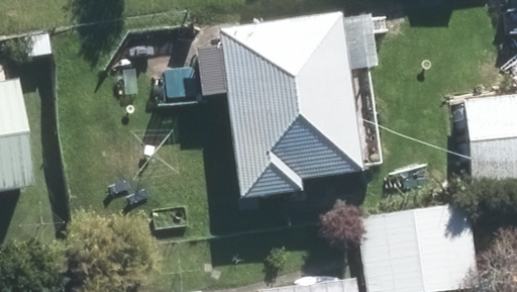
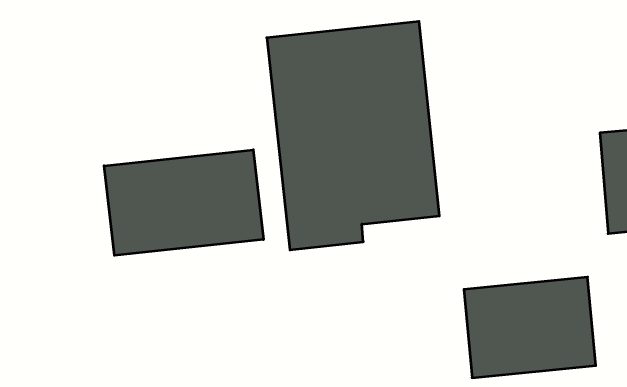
building: none -> [104,150,263,255]

